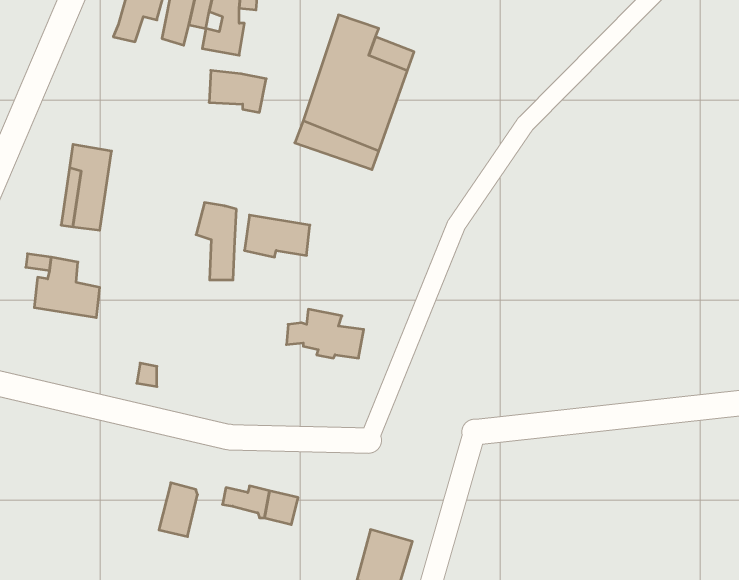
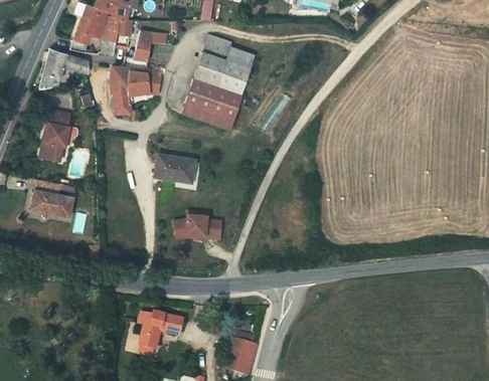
building: none -> [40,50,93,89]
building: [196,203,236,280] -> [108,63,132,110]
building: [159,483,198,537] -> [138,328,161,360]

